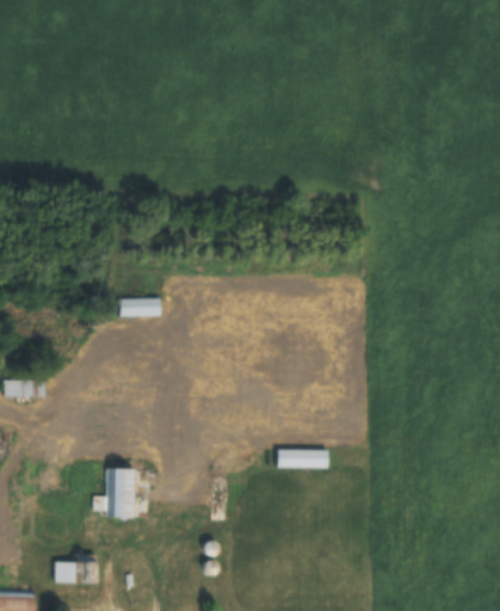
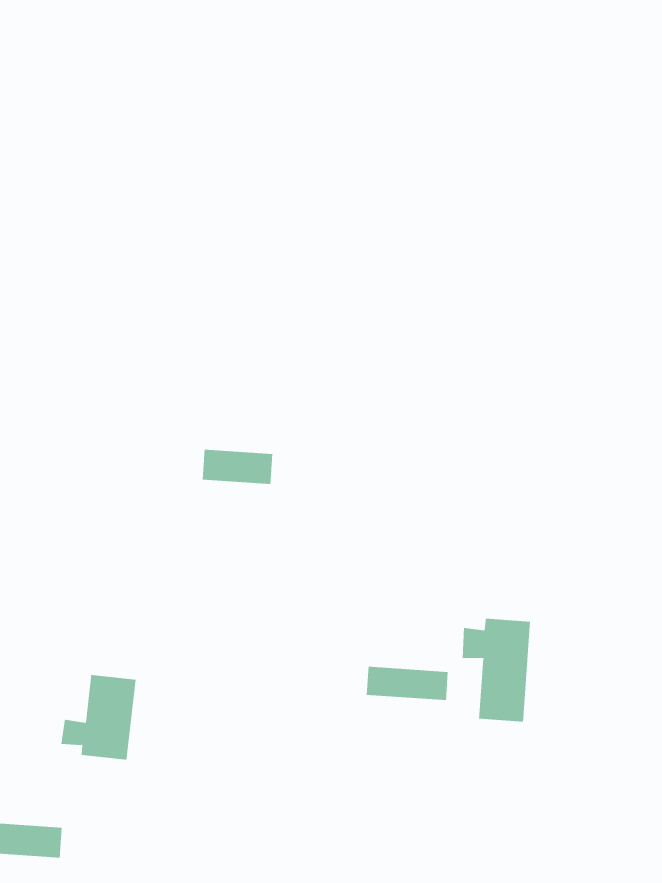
building: [118,298,161,317] -> [202,449,273,485]
building: none -> [462,618,531,723]

